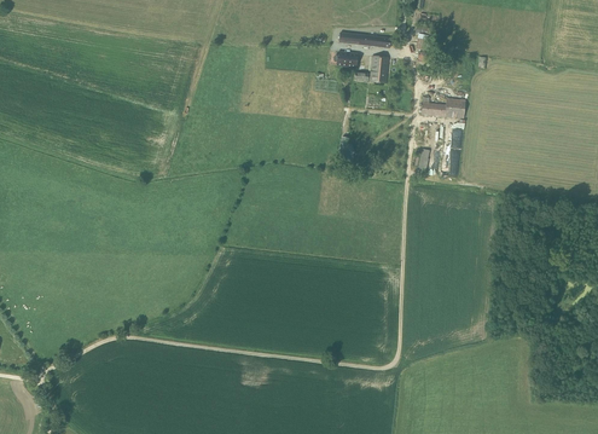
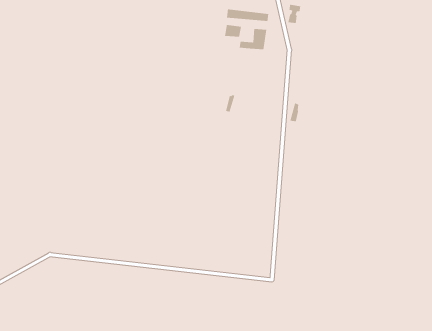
building: [422,96,466,116] -> none

